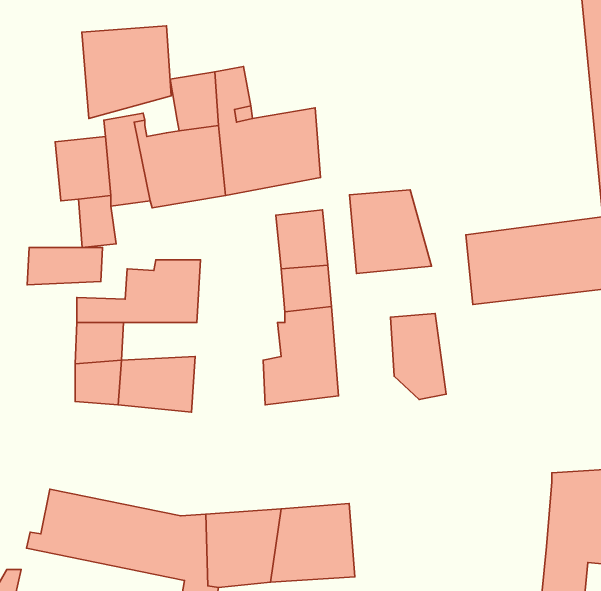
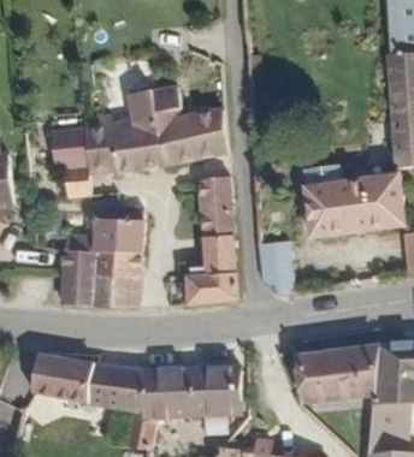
building: [82,26,171,118] -> none
building: [350,190,431,273] -> none
building: [27,247,103,285] -> [88,244,138,269]
building: none -> [302,351,377,400]

